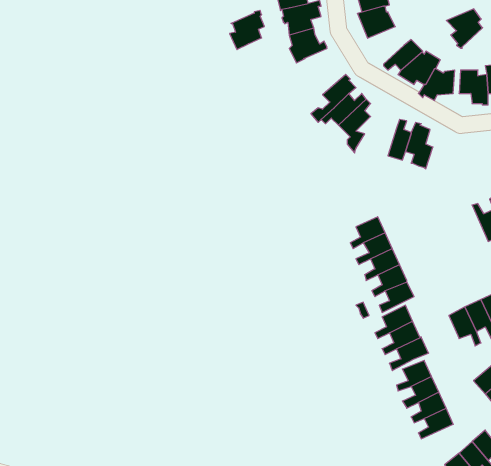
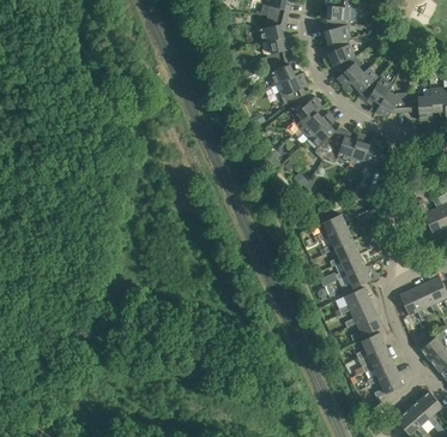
building: [446,9,483,48] -> [333,56,363,89]
building: [230,10,264,50] -> [279,72,308,104]
building: none -> [324,128,357,163]

